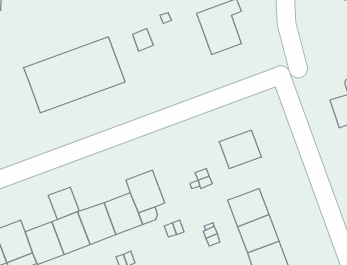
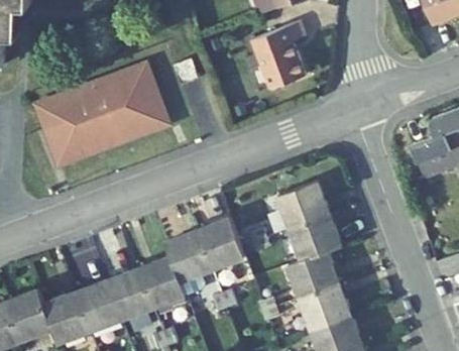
building: none -> [290,213,341,260]
building: none -> [197,217,244,268]
building: [48,187,79,220] -> none

